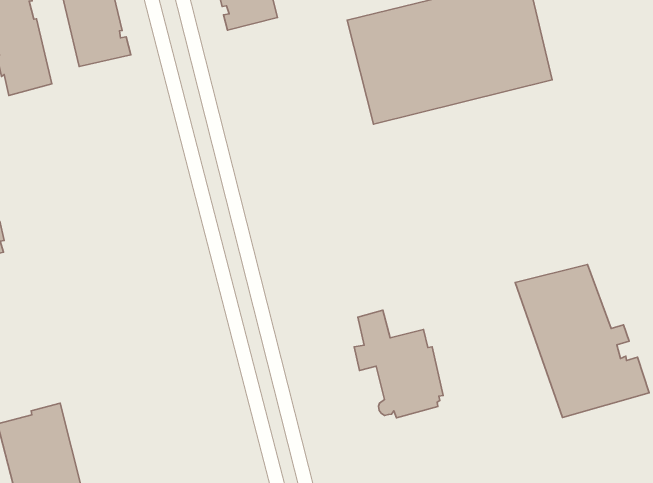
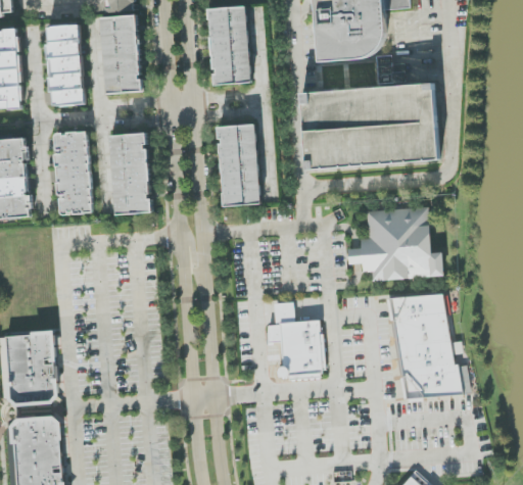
building: none -> [218,124,259,205]
building: none -> [109,132,151,213]
building: none -> [54,131,92,214]
building: none -> [347,206,443,283]

